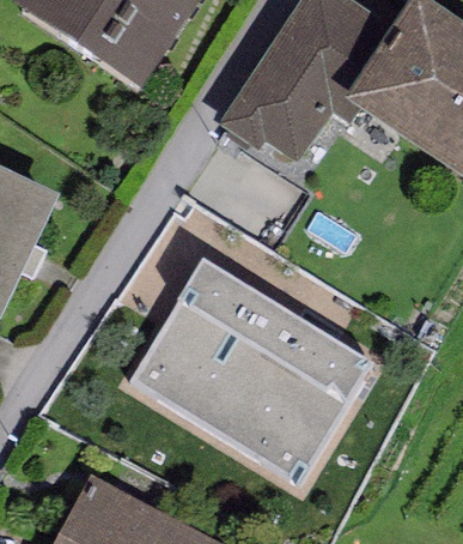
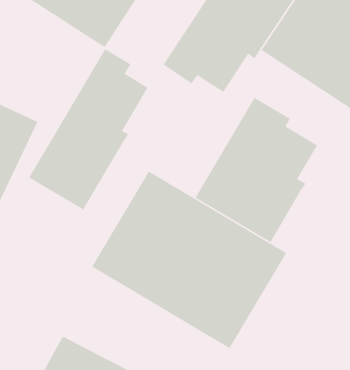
building: none -> [28,48,149,211]
building: none -> [194,97,318,243]

